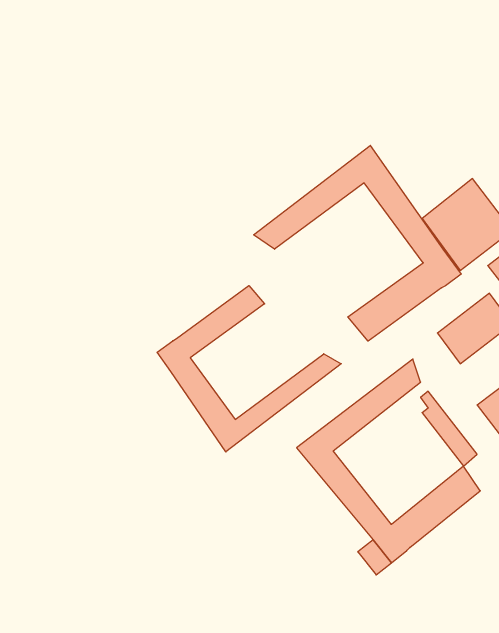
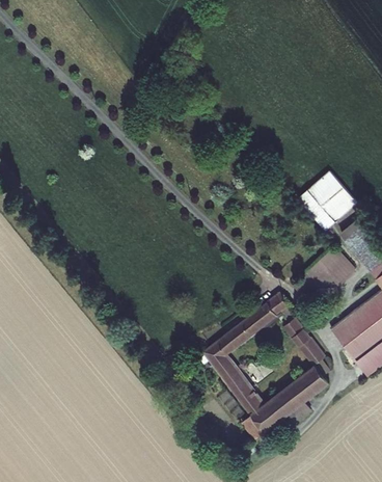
building: [254,145,461,341] -> none
building: [157,286,341,452] -> none

